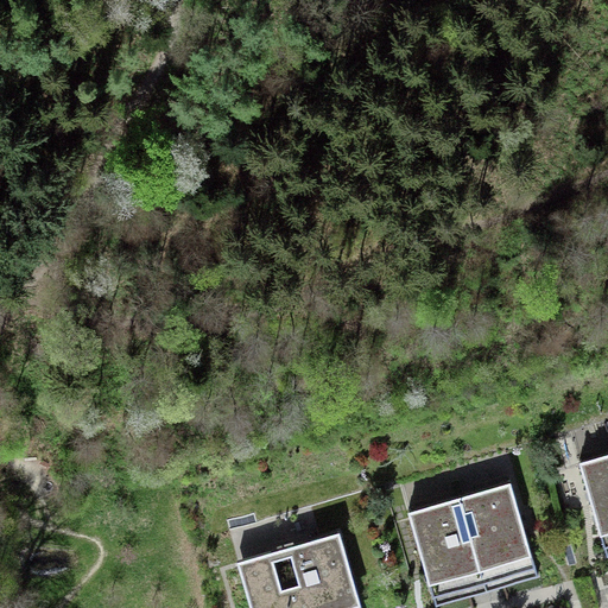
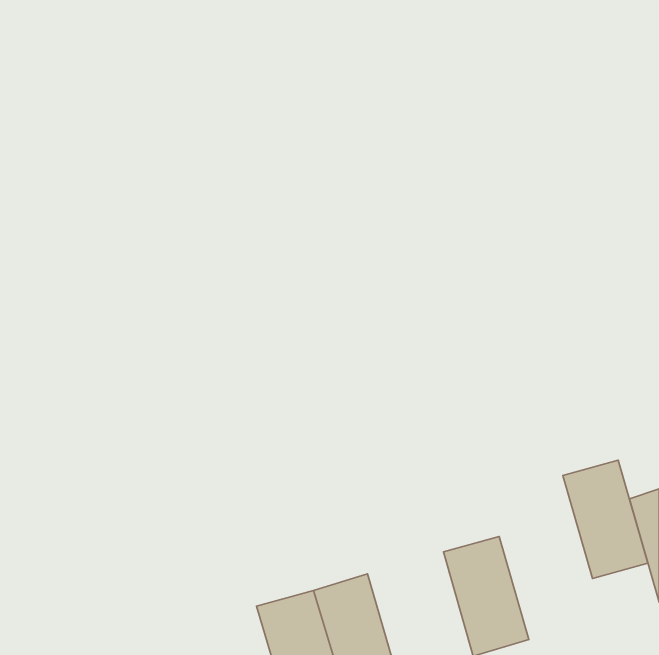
building: [460,483,538,593] -> [563,460,648,579]

